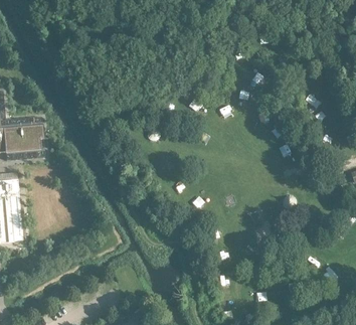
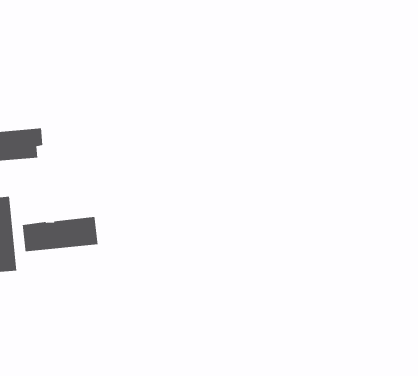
building: none -> [22,216,98,252]

